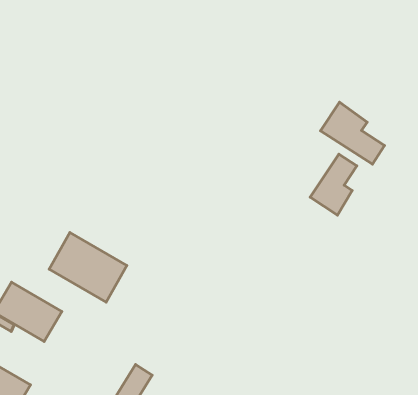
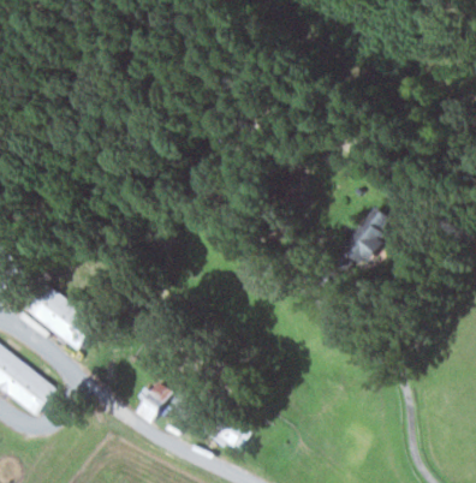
building: [321,102,385,164] -> none
building: [49,232,127,302] -> none

